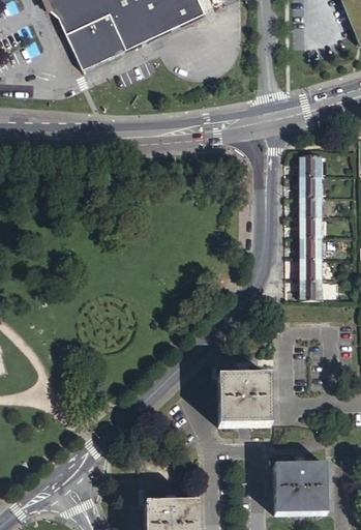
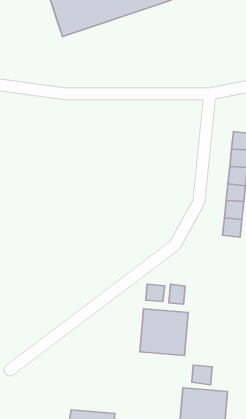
building: [300,279,321,300] -> none
building: none -> [169,284,185,304]
building: none -> [146,284,165,301]
building: none -> [192,365,212,385]

